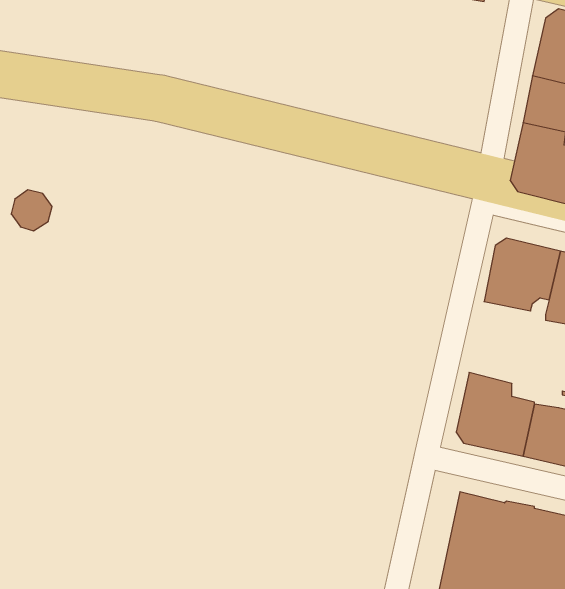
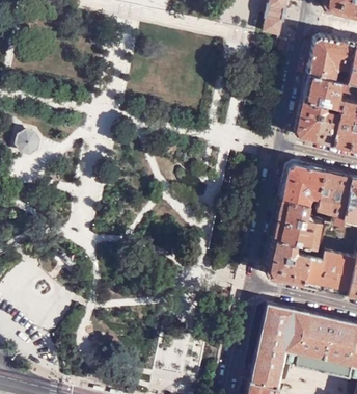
building: none -> [273,200,322,249]

